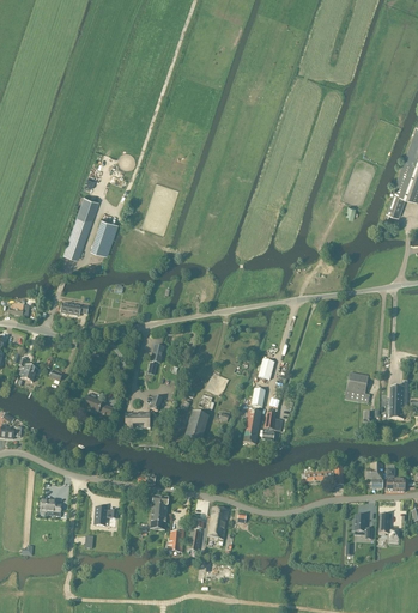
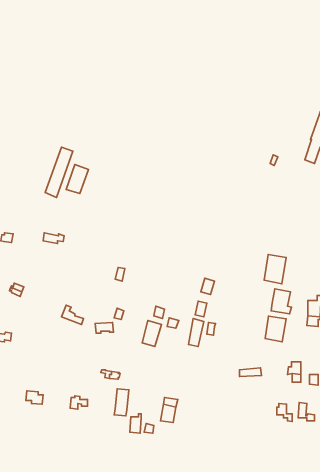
building: none -> [264,255,286,284]
building: none -> [265,316,286,342]

